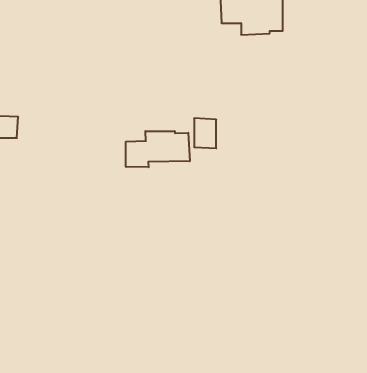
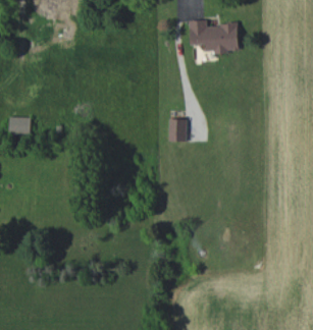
building: [126,131,190,167] -> none

